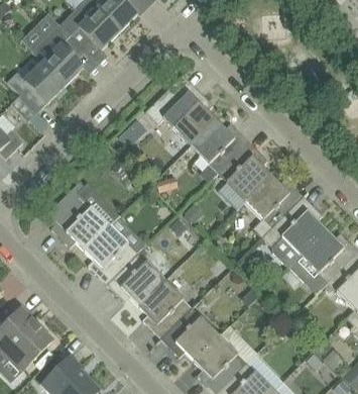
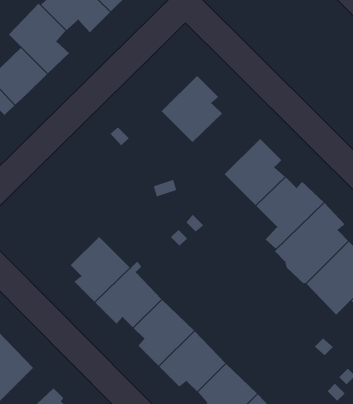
building: [191,119,249,172] -> none
building: [51,181,110,251] -> none

